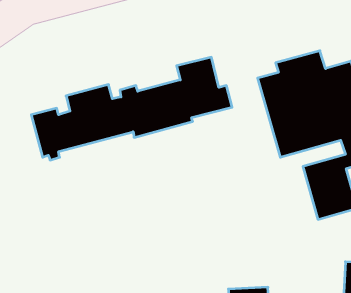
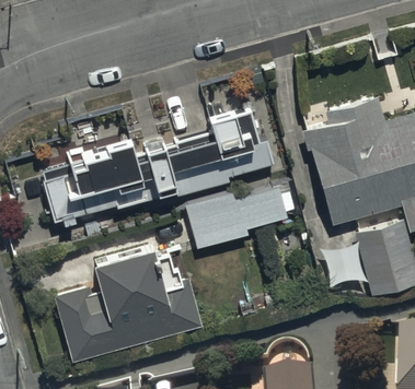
building: none -> [185,185,286,245]
building: none -> [55,249,201,359]

